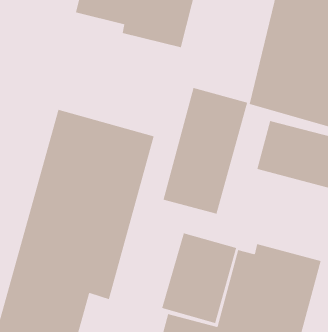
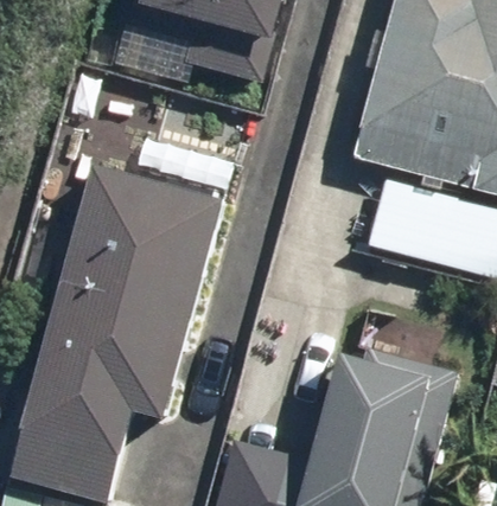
building: [163,87,248,215] -> none
building: [161,233,237,324] -> none

